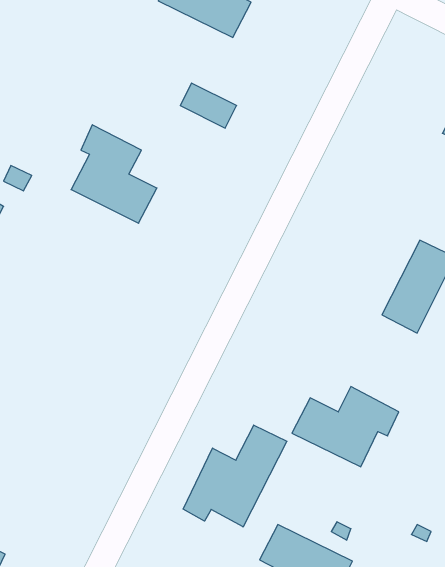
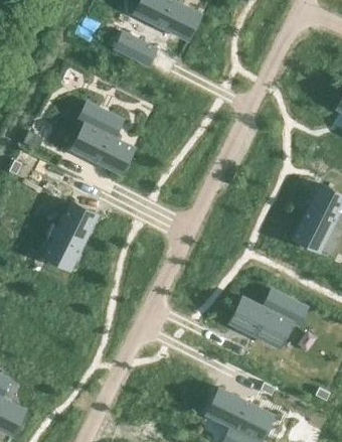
building: [180,83,237,128] -> [115,33,155,65]
building: none -> [44,203,97,270]
building: [183,425,287,527] -> none

